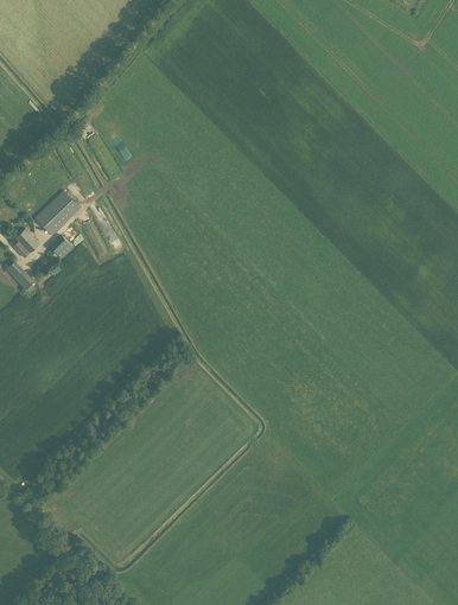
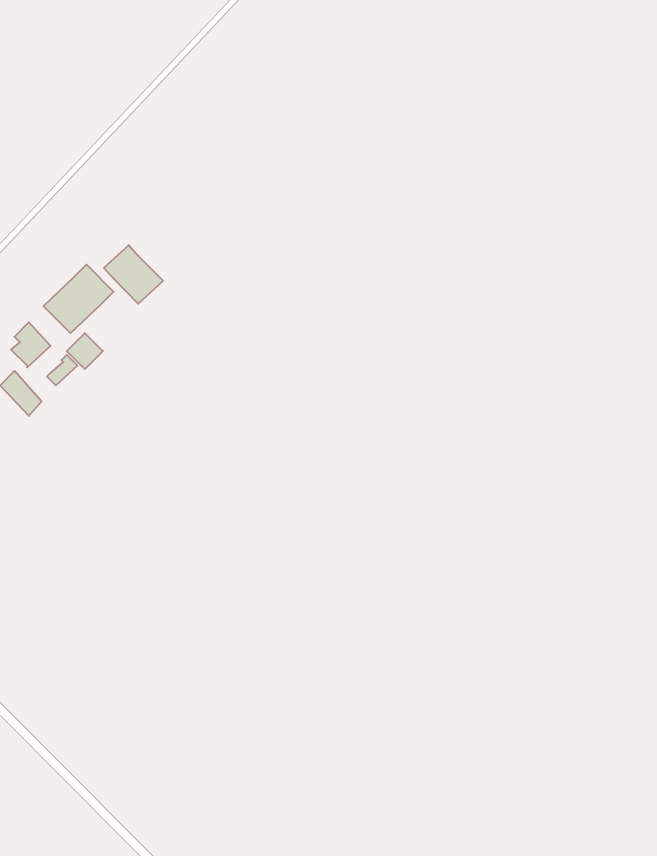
building: none -> [104,245,163,304]

